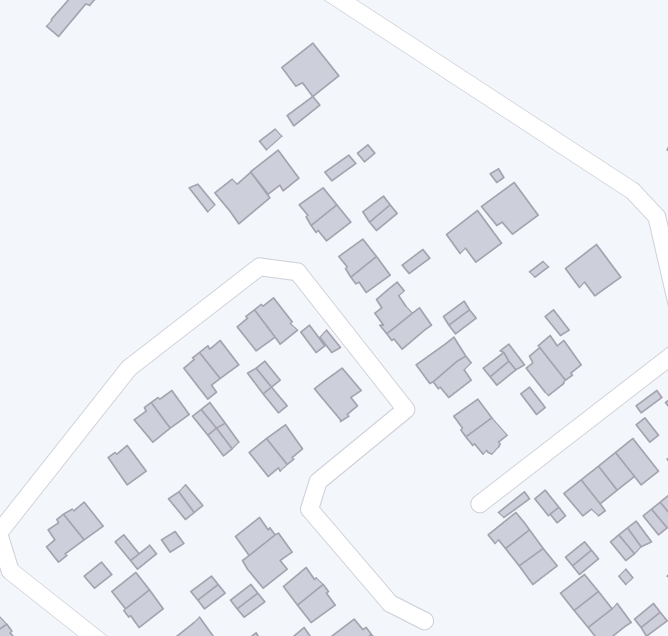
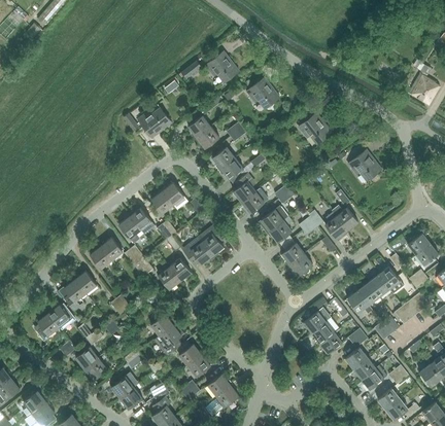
building: [282,43,339,97] -> [205,51,239,83]
building: [251,150,299,194] -> none
building: [447,210,502,262] -> [246,78,279,109]
building: none -> [182,237,213,264]
building: none -> [64,278,85,311]

